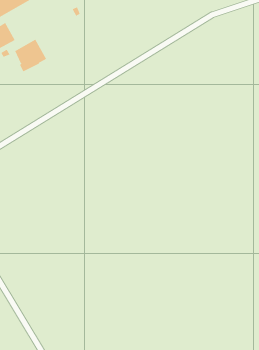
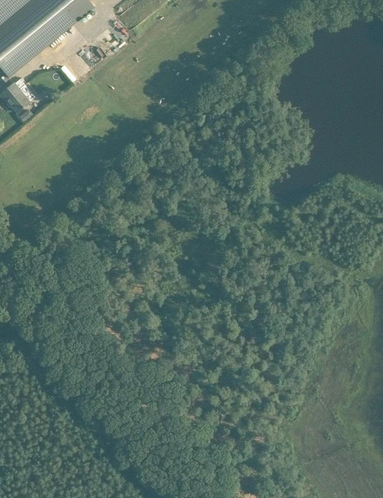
building: [15,39,47,72] -> none

